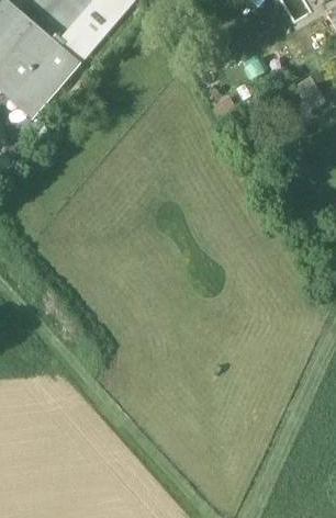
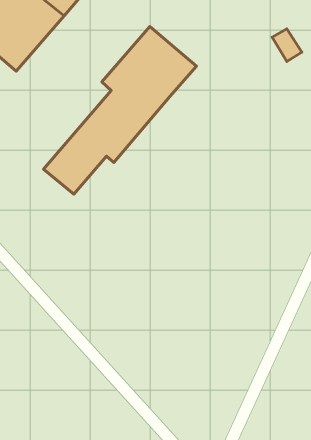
building: none -> [44,26,197,194]

